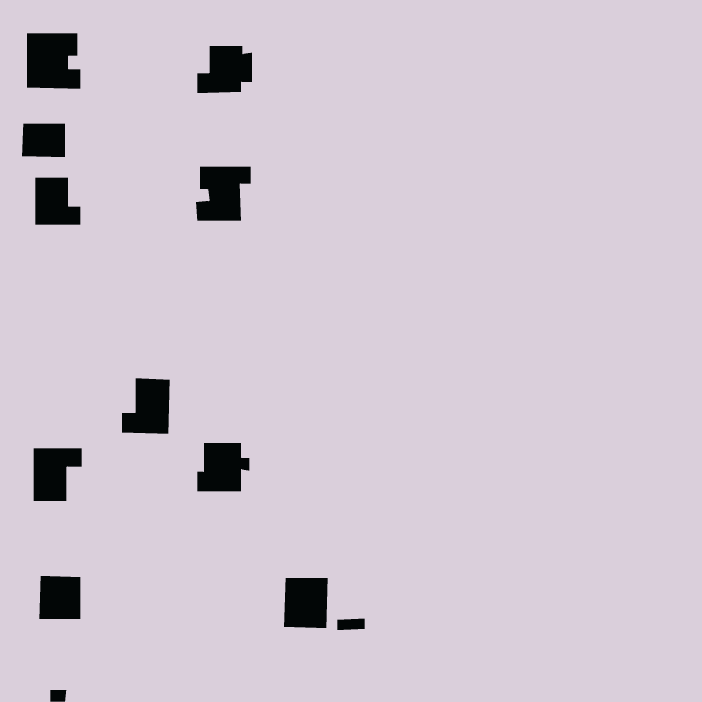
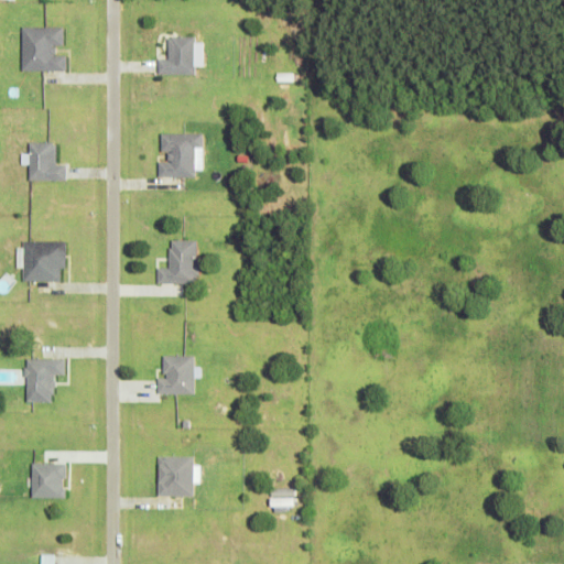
building: [22,123,65,158] -> none
building: none -> [22,241,66,282]
building: [121,378,171,434] -> [158,239,197,284]
building: [283,578,329,628] -> [156,455,193,496]

